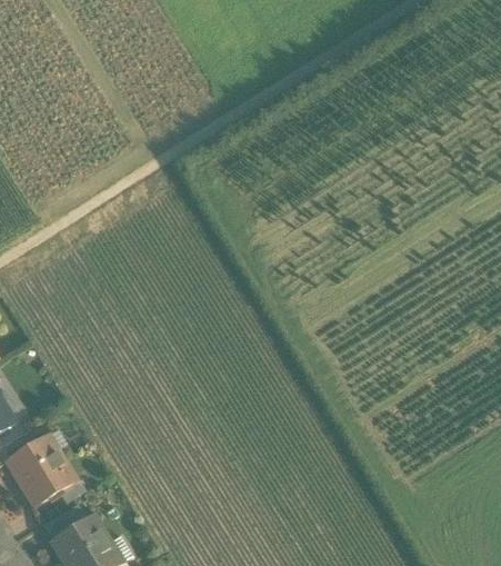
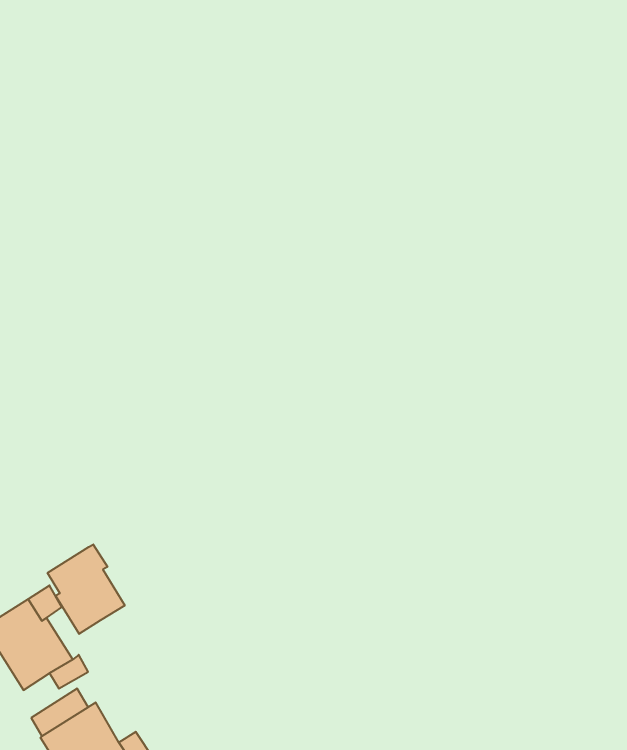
building: none -> [48,544,125,634]

